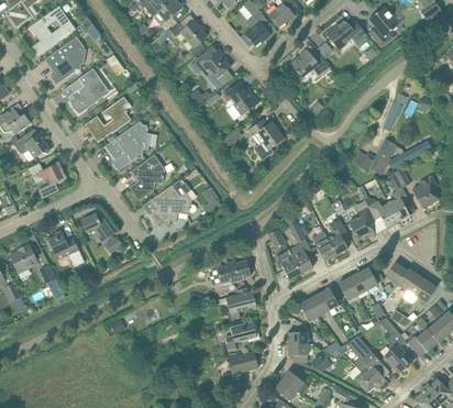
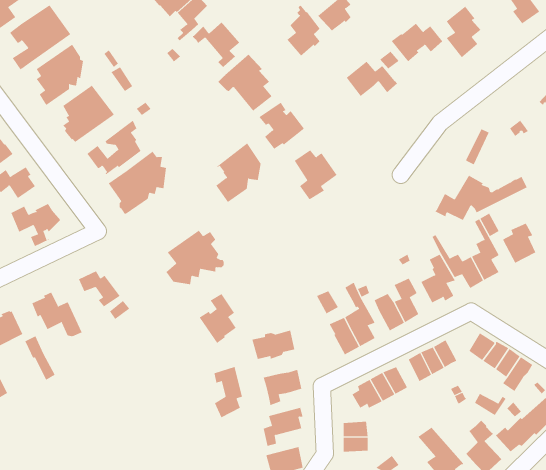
building: [129,153,165,200] -> [215,142,261,203]
building: none -> [199,293,237,344]
building: none -> [214,366,243,418]

